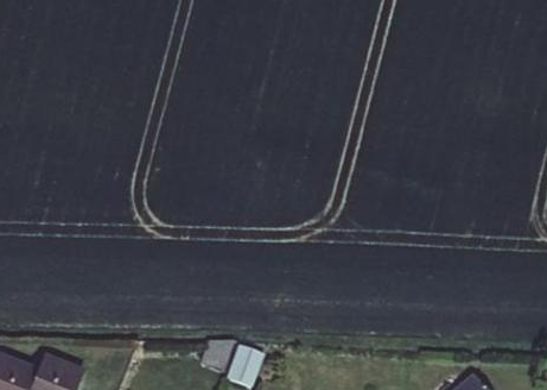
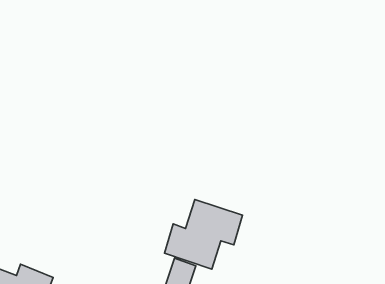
building: none -> [164,199,242,269]

